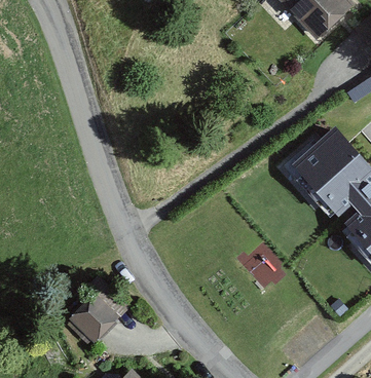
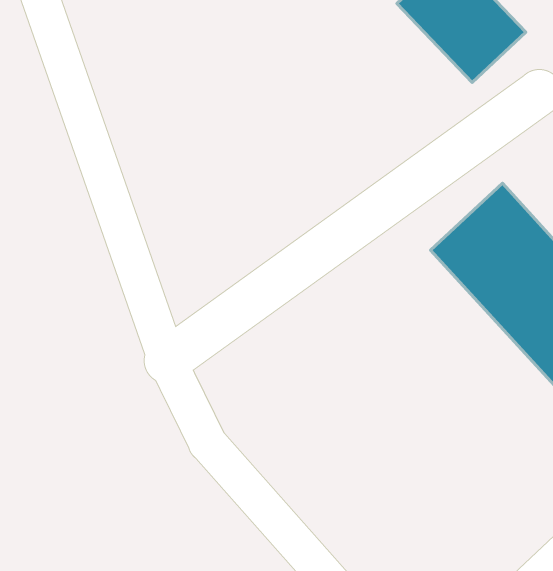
building: [61,297,114,349] -> none

